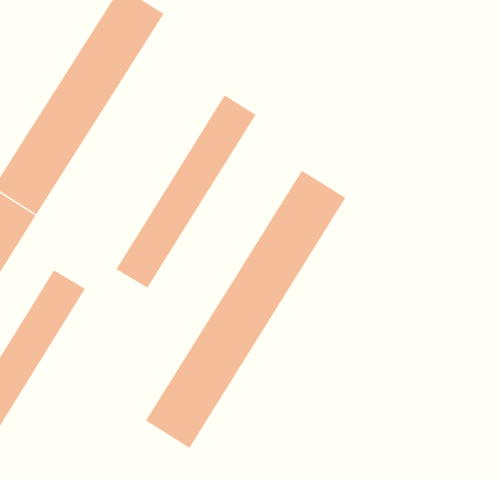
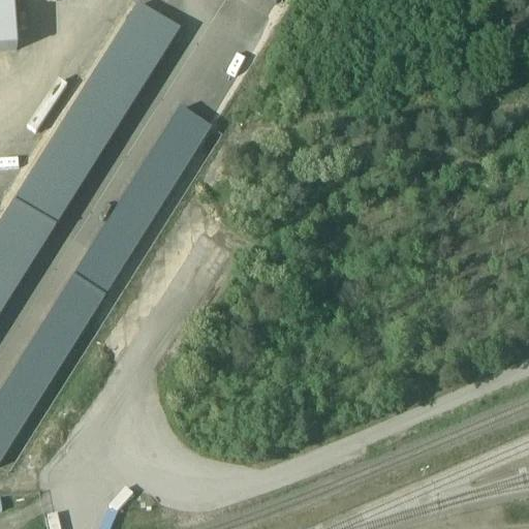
building: [115,94,257,289] -> [73,105,209,291]
building: [145,170,346,449] -> none

